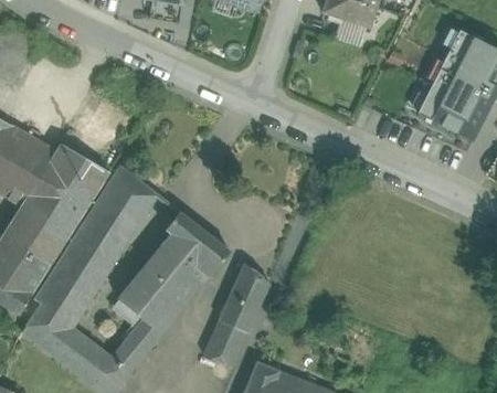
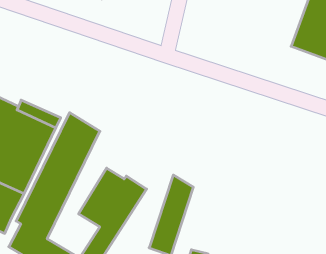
building: [160,212,230,277] -> none

